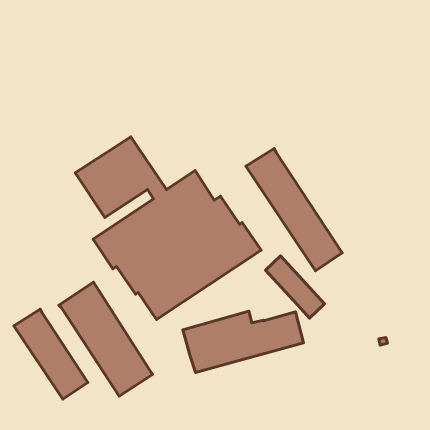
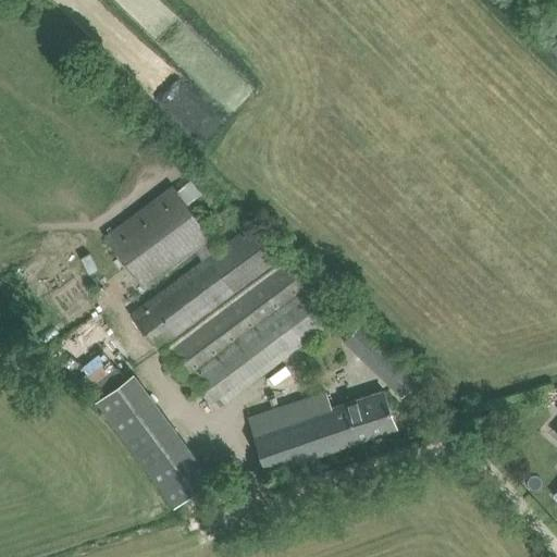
building: [246,149,342,271] -> none
building: [14,309,88,399] -> none

